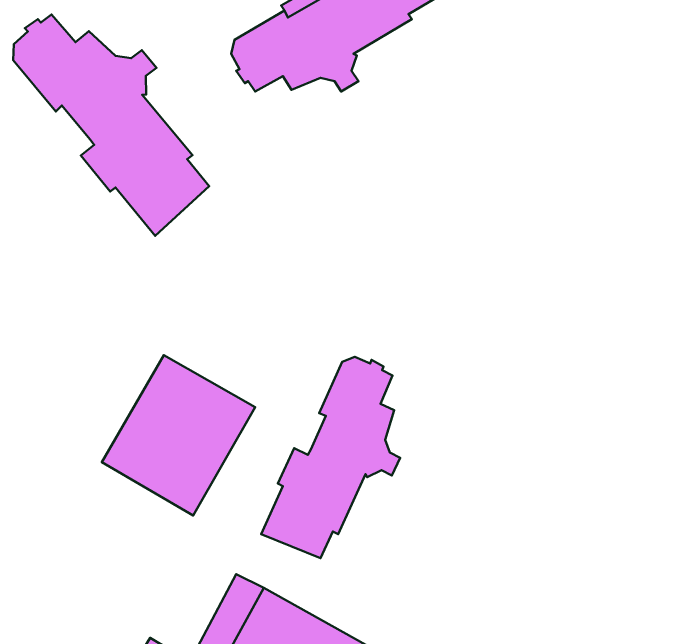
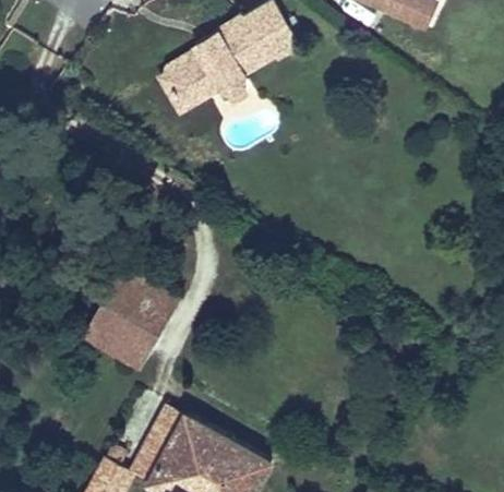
building: [13,14,209,236] -> none
building: [261,357,400,558] -> none

